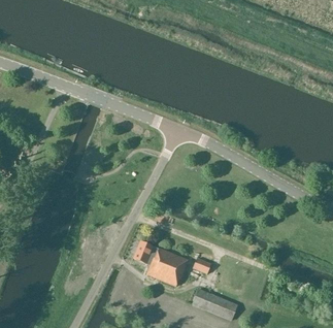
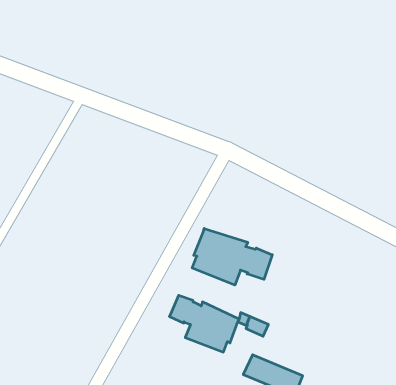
building: none -> [192,228,272,285]

